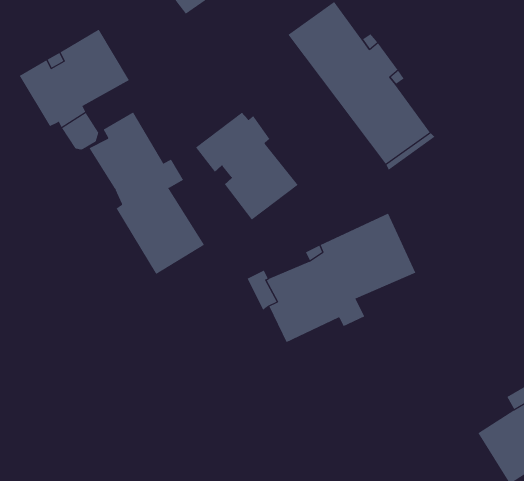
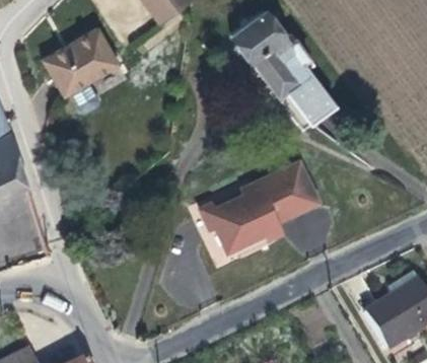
building: [89,112,205,275] -> none
building: [195,112,299,220] -> none

